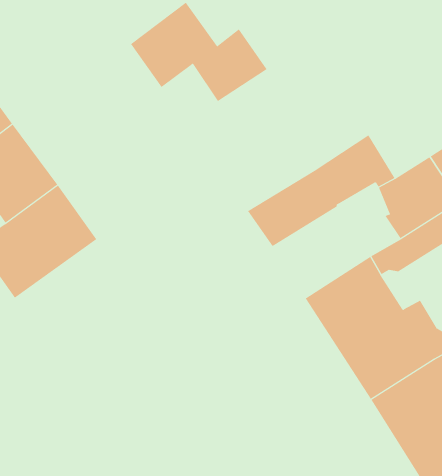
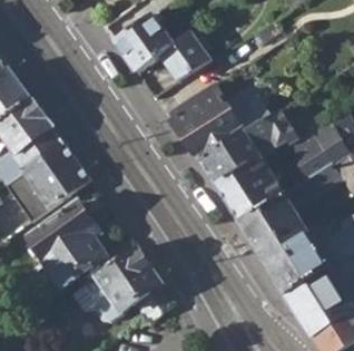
building: none -> [164,82,244,159]
building: none -> [214,156,284,222]
building: none -> [27,202,105,287]
building: none -> [70,247,171,322]

